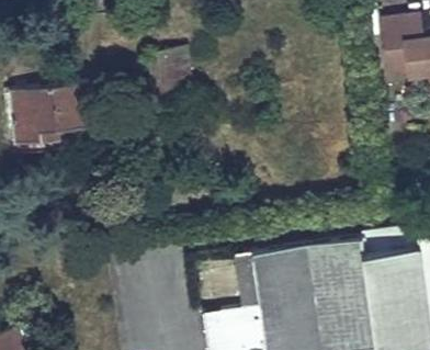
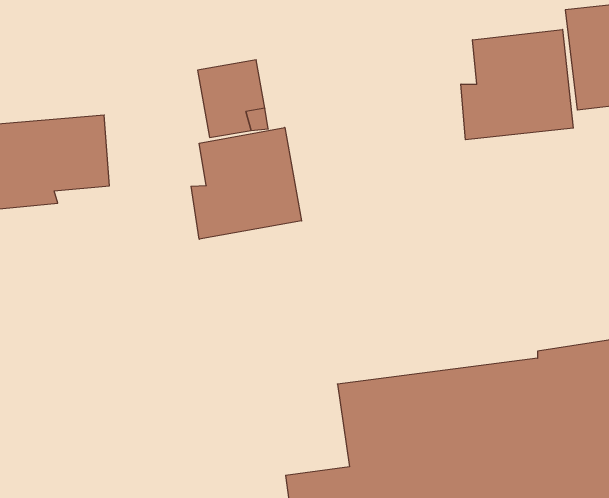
building: none -> [461,29,573,140]
building: none -> [191,127,302,239]

